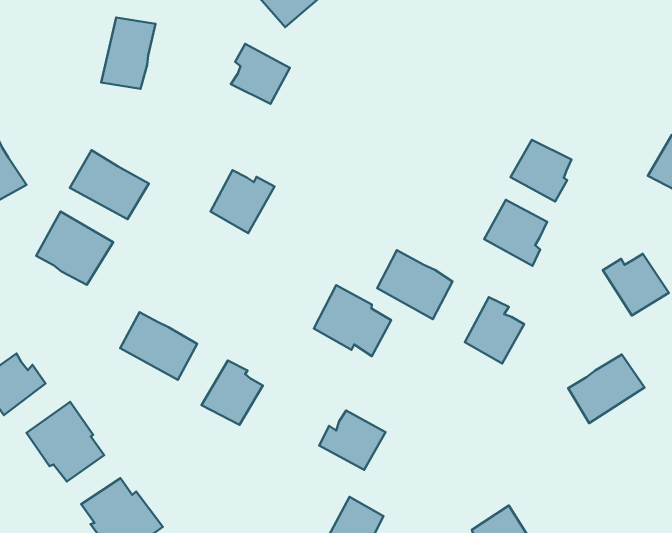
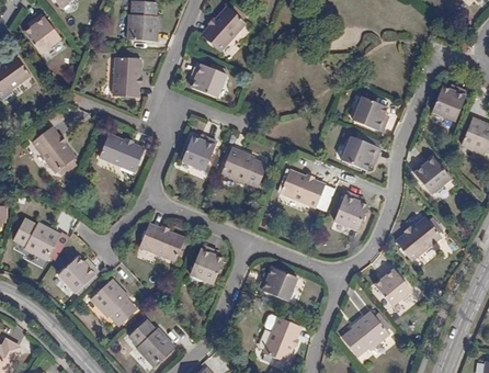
building: [36,212,113,285] -> none
building: [314,285,391,356] -> [224,149,268,188]
building: none -> [376,265,412,305]

